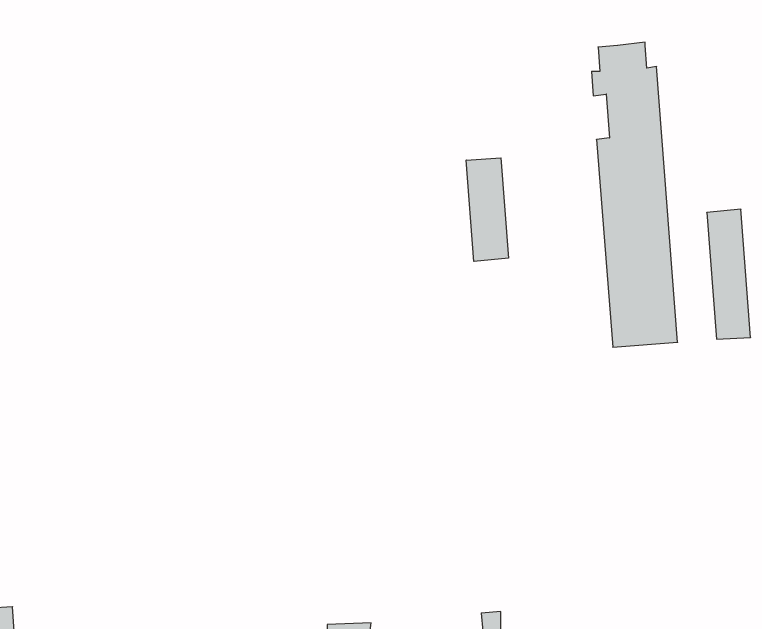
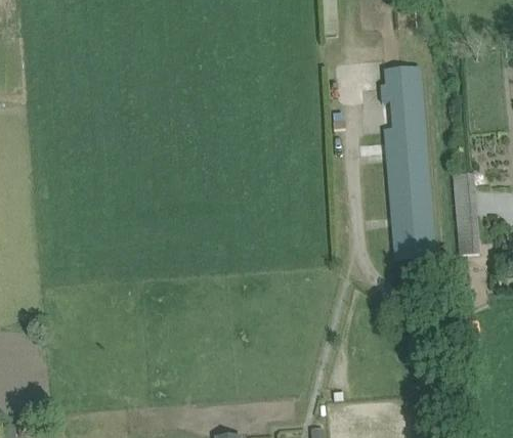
building: [466,158,508,261] -> none

